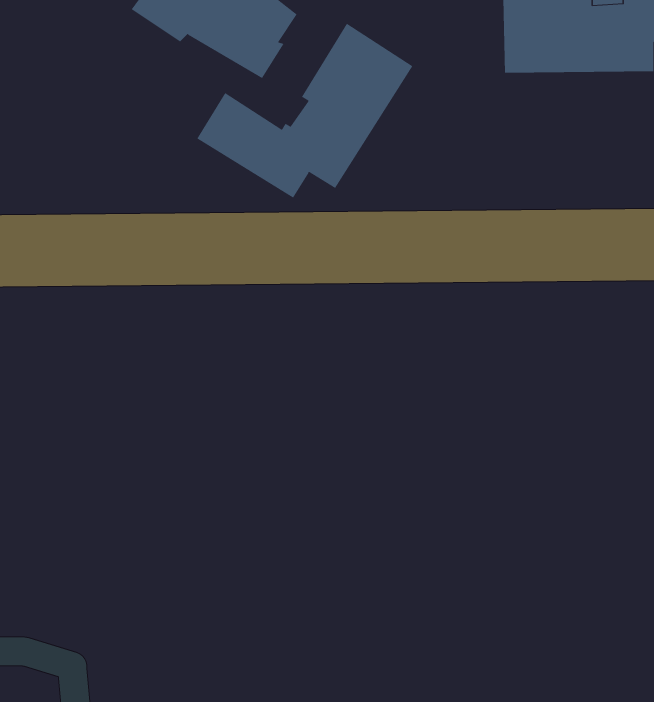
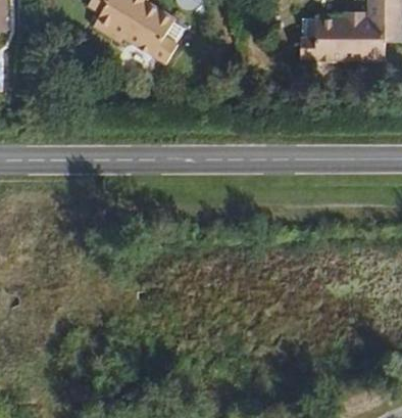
building: [197,23,413,199] -> none

